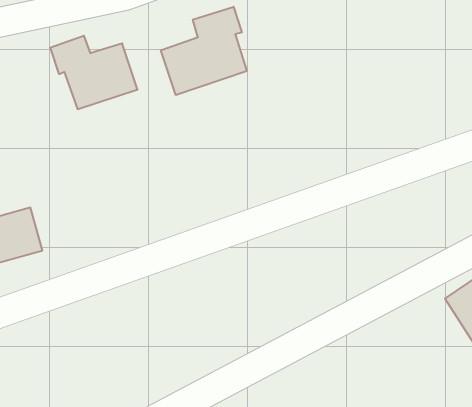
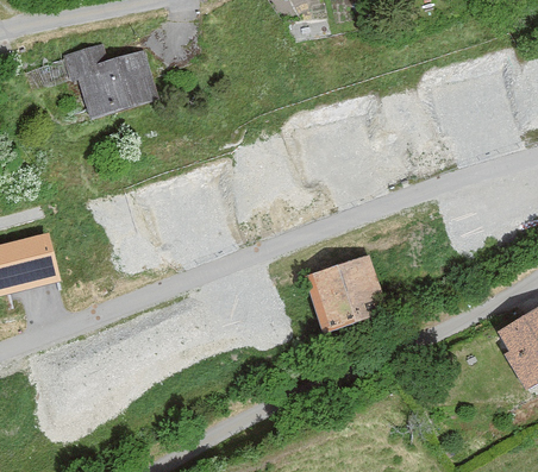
building: [161,7,247,95] -> none
building: none -> [304,253,387,334]

